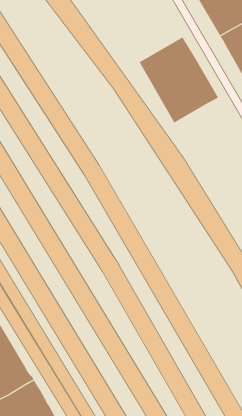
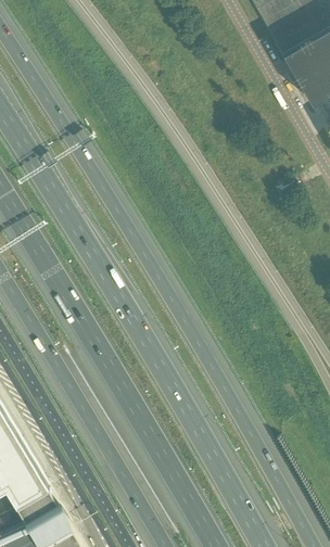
building: [139,36,219,124] -> none

